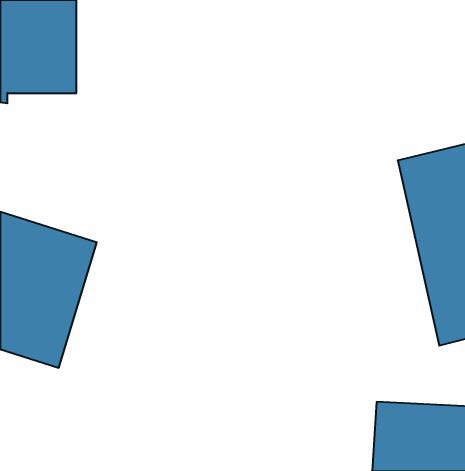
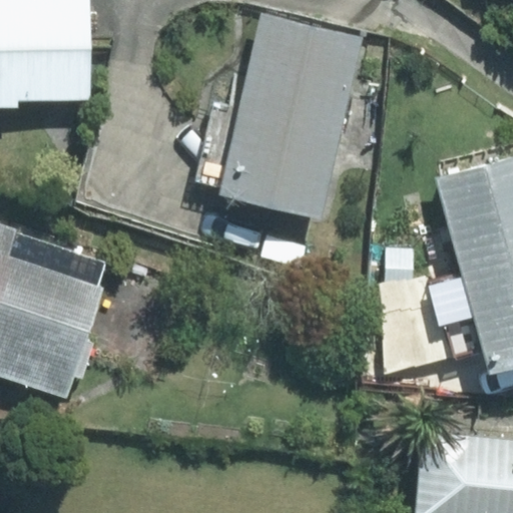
building: none -> [215,11,362,222]

